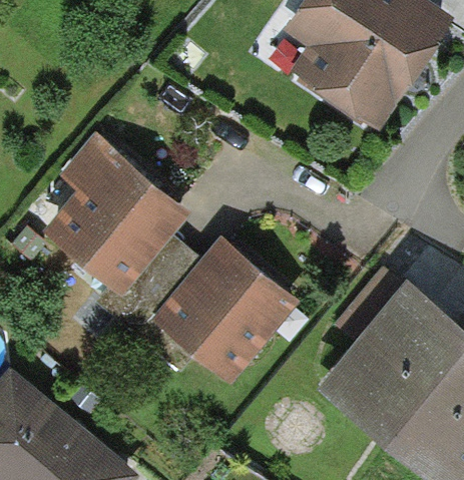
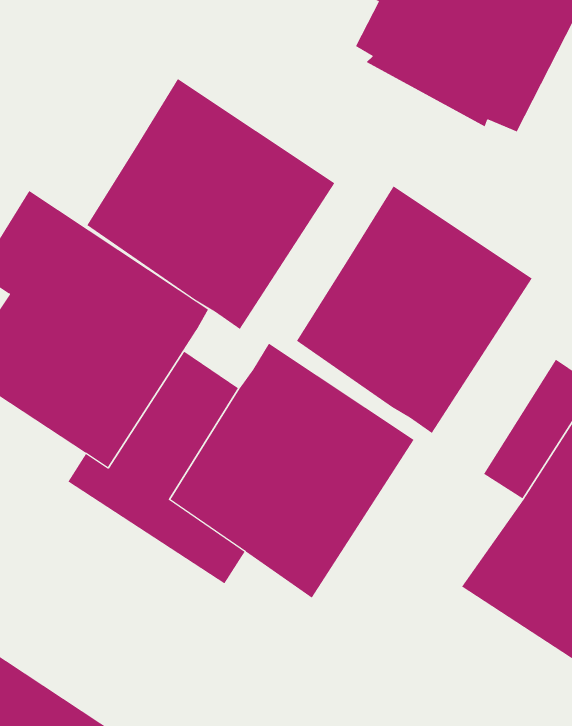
building: none -> [87,78,335,330]
building: none -> [296,185,533,434]

